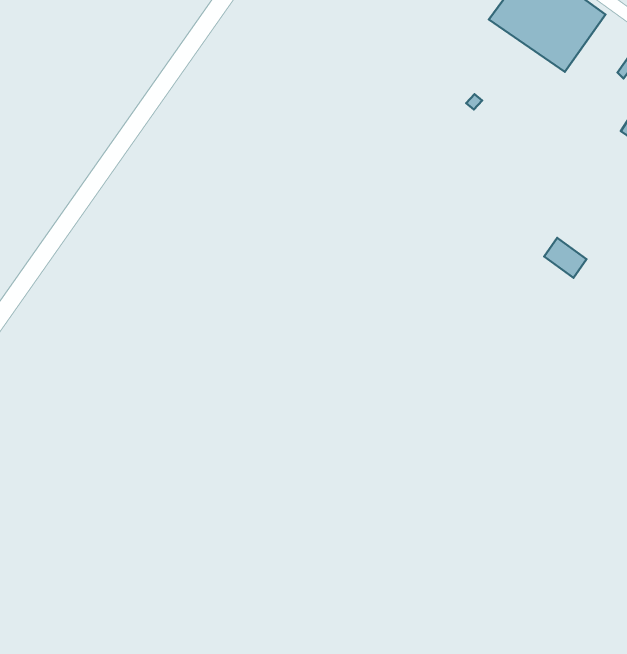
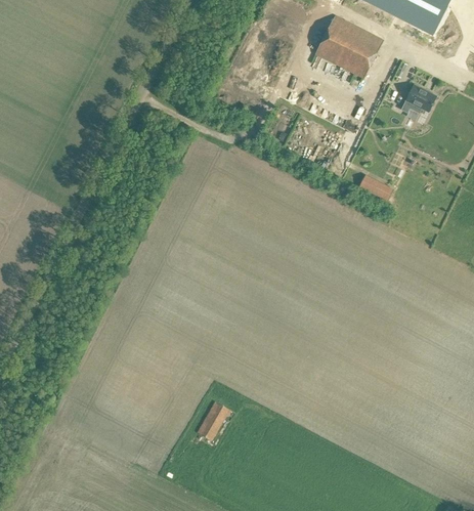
building: none -> [197,401,228,439]

